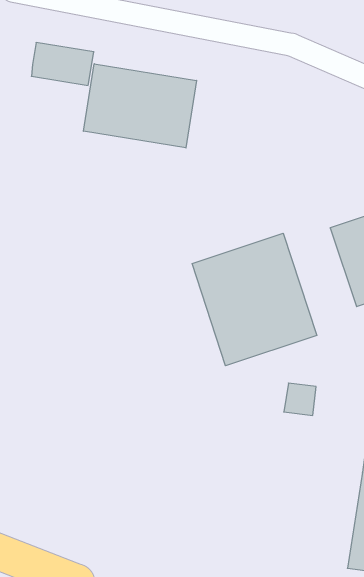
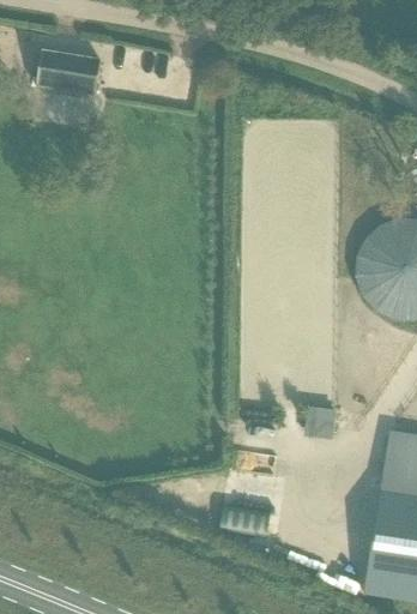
building: [83,64,197,148] -> none
building: [192,233,317,366] -> none

